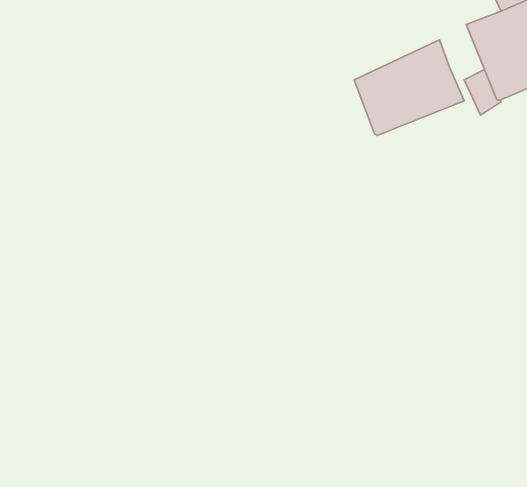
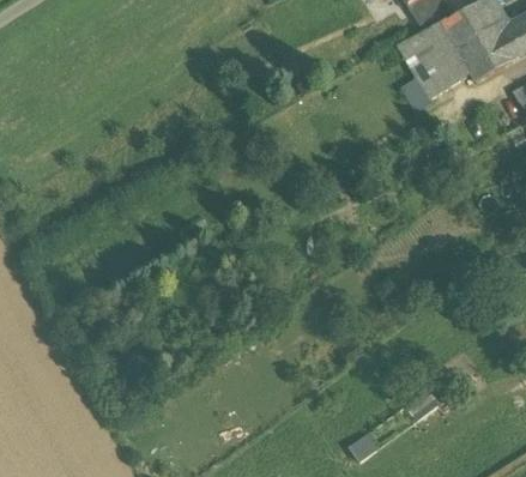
building: [354,40,464,136] -> none

